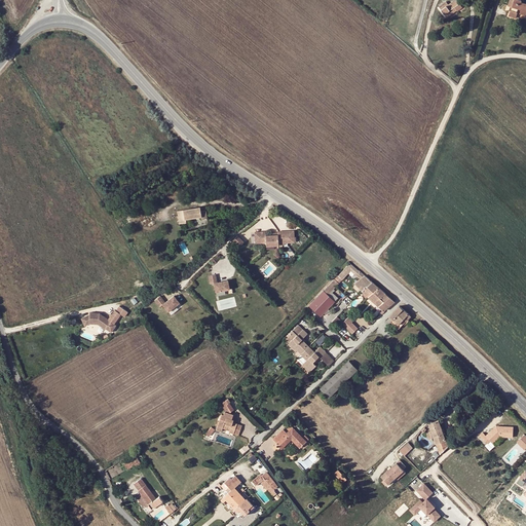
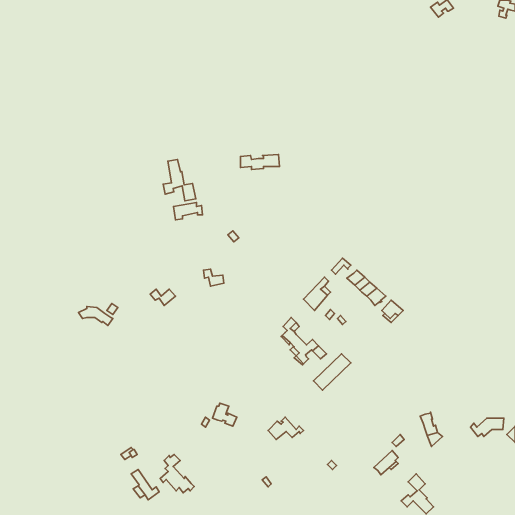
building: none -> [163,159,196,201]
building: [254,230,294,246] -> [240,154,280,170]
building: [221,476,256,515] -> [160,454,194,493]

